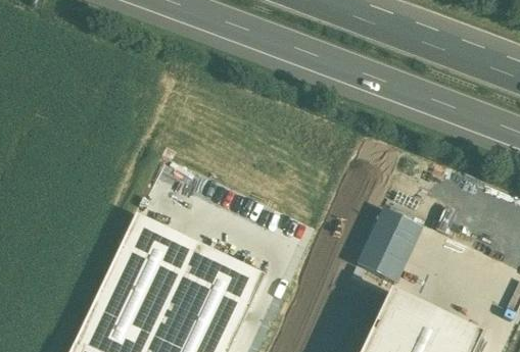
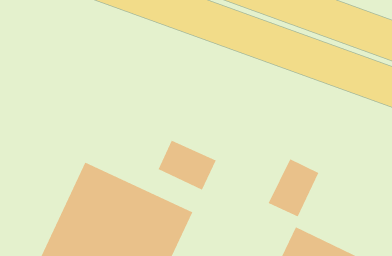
building: none -> [158,140,216,190]

